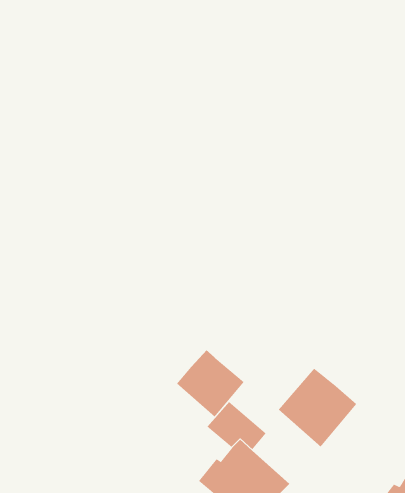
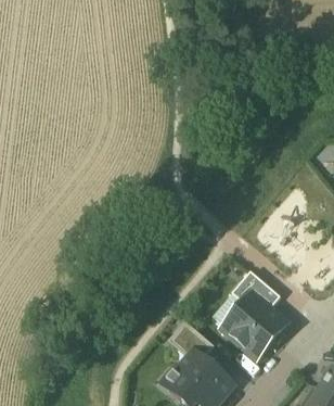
building: none -> [231,274,279,312]
building: [176,349,245,417] -> none

